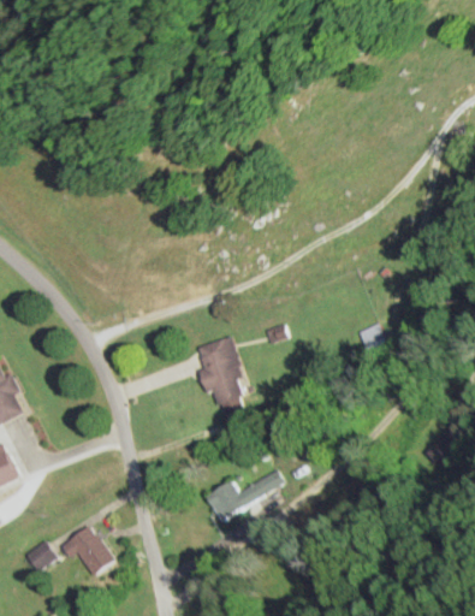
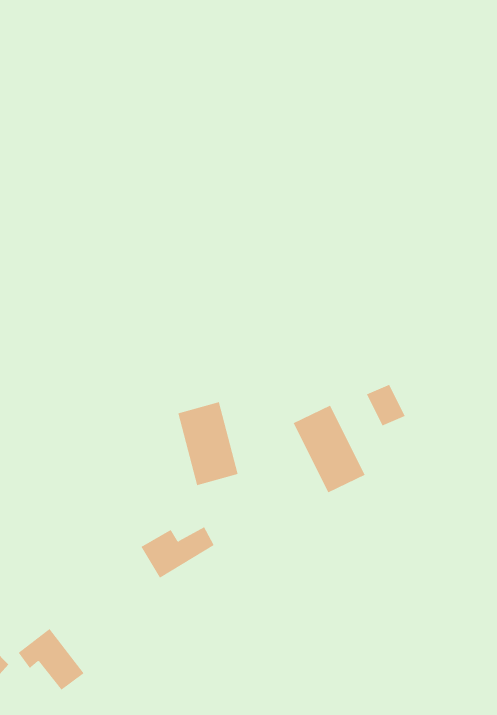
building: none -> [293,405,365,493]
building: [206,479,267,522] -> [141,526,215,579]

